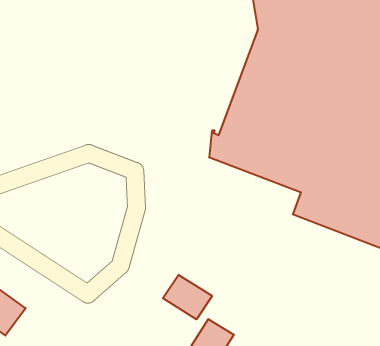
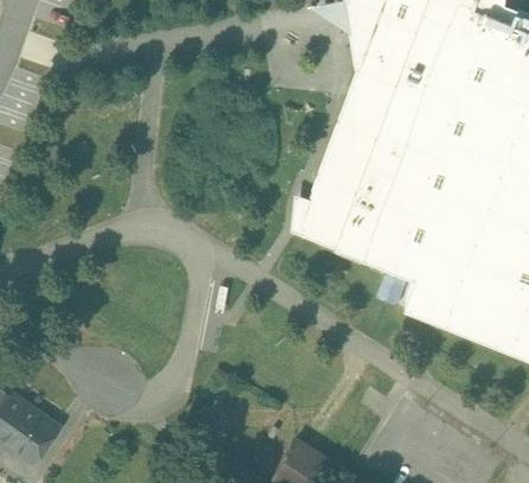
building: [163,275,212,319] -> none

